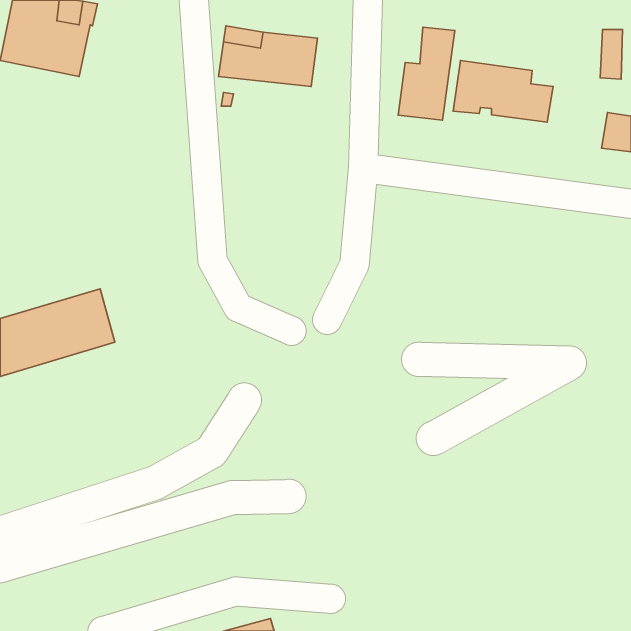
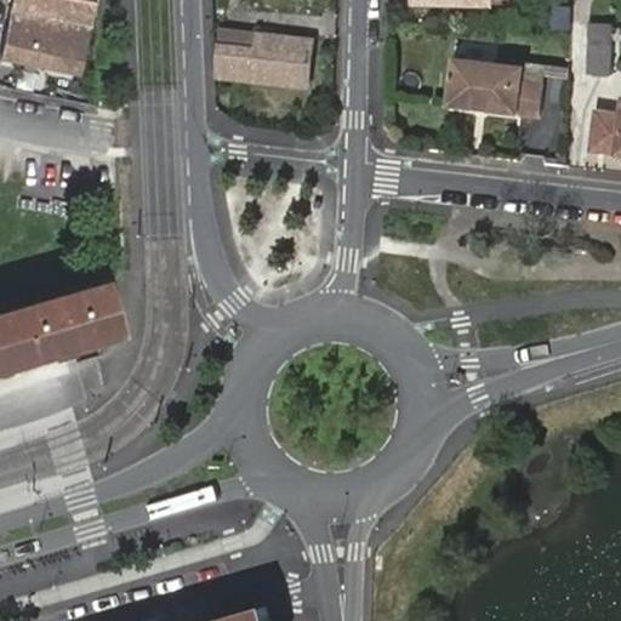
building: [398,27,455,120] -> none

